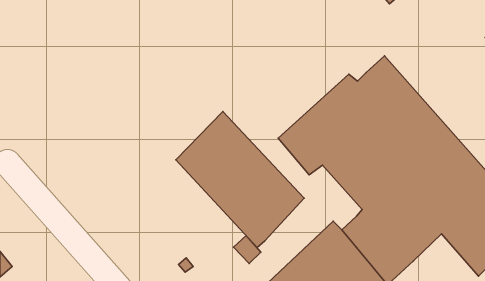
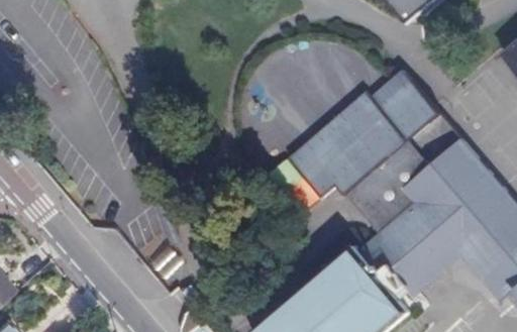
building: [176,111,304,247] -> none

